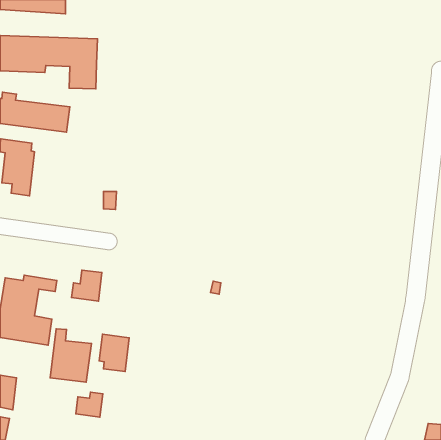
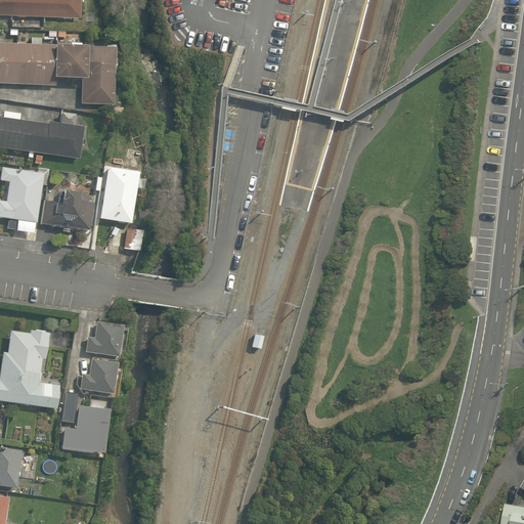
building: none -> [98,166,139,224]
building: none -> [41,186,94,230]
building: [99,334,129,371] -> [79,356,115,400]
building: [76,392,103,417] -> none

